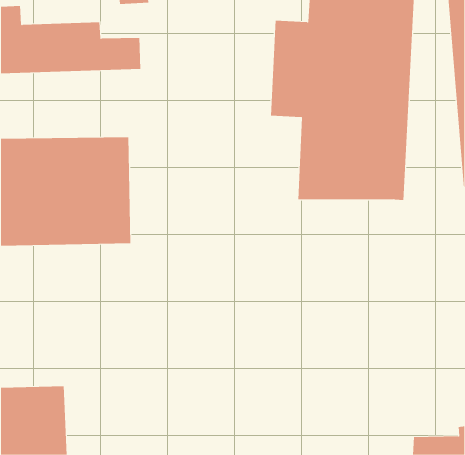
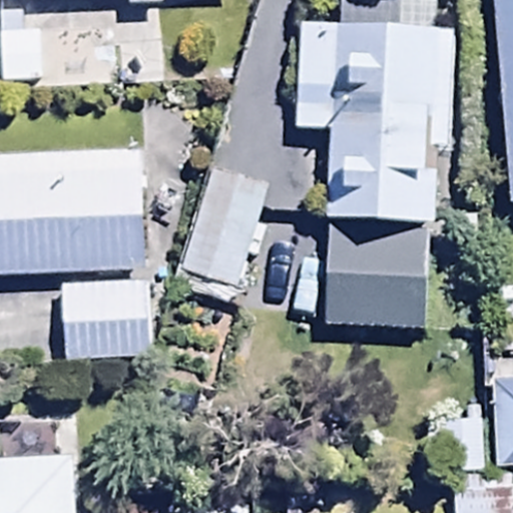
building: none -> [322,219,434,328]
building: none -> [60,279,152,358]

